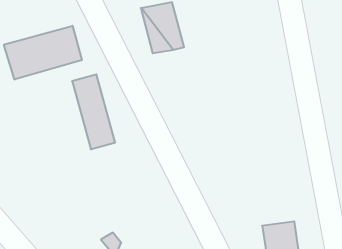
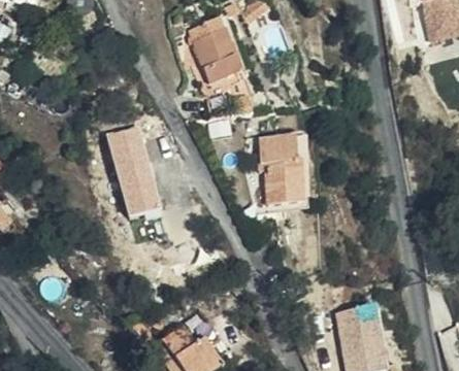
building: [4,26,82,80] -> none
building: none -> [258,135,296,200]

